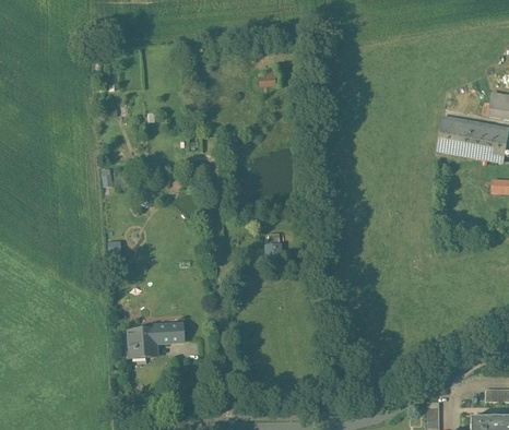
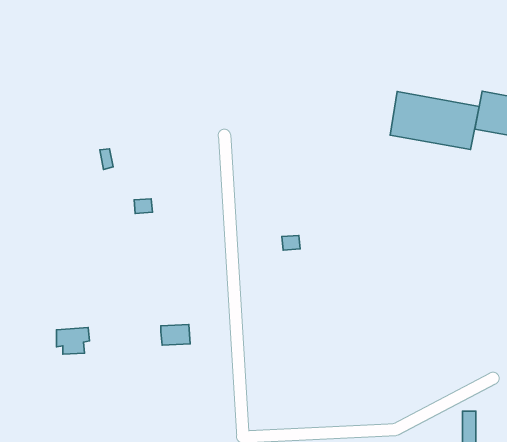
building: none -> [390,92,479,149]
building: [128,330,157,354] -> [57,327,90,354]

